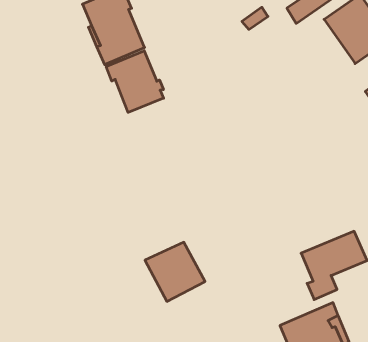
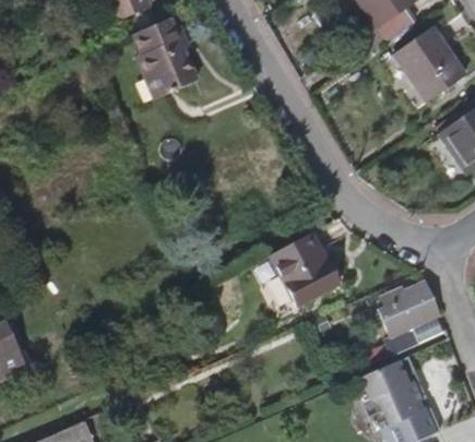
building: [106,51,164,112] -> none
building: [145,242,205,301] -> [274,240,340,304]

